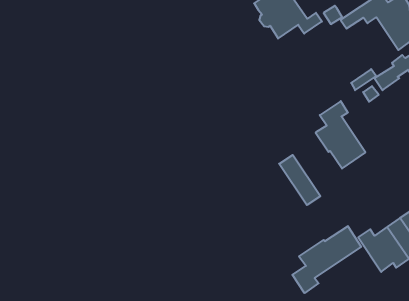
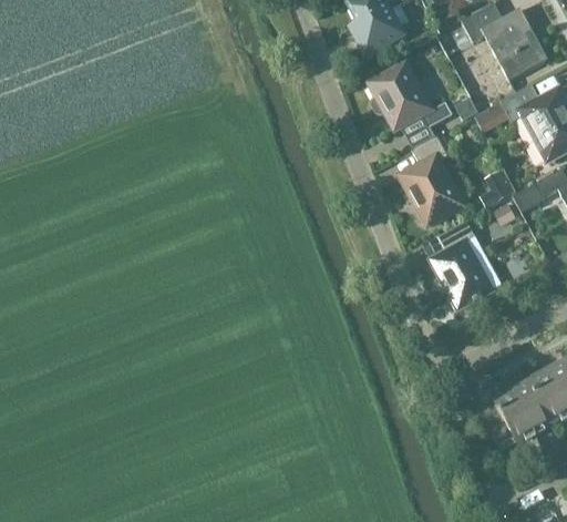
building: none -> [398,135,463,223]
building: [279,155,320,205] -> none
building: [292,226,361,293] -> none

